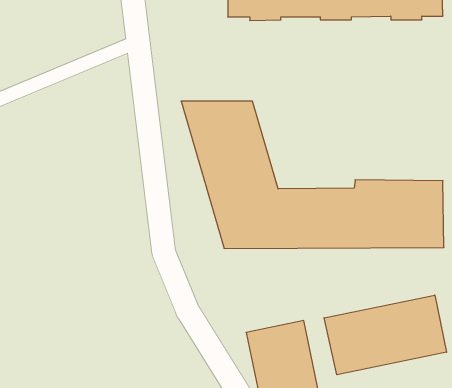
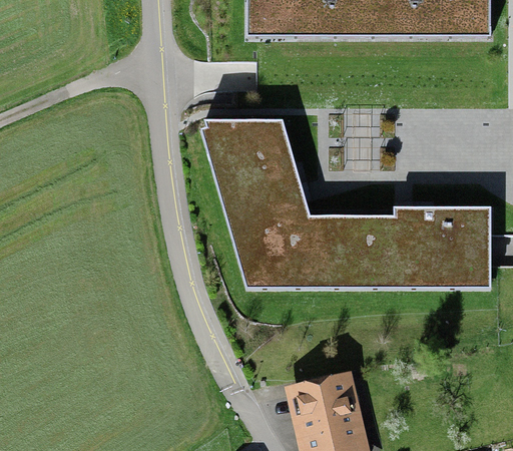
building: [324,295,447,375] -> none

